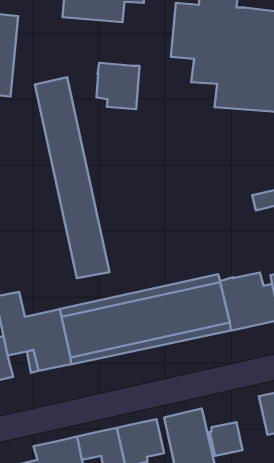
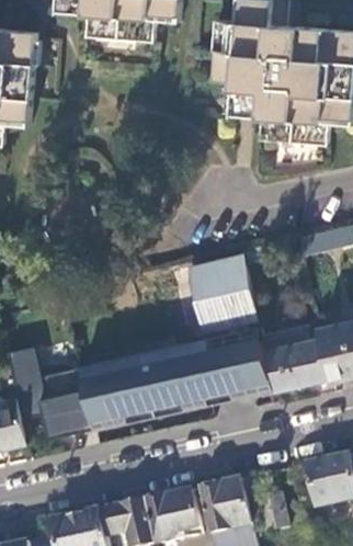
building: [96,63,139,109] -> none
building: [35,77,110,278] -> none
building: none -> [182,254,252,326]

